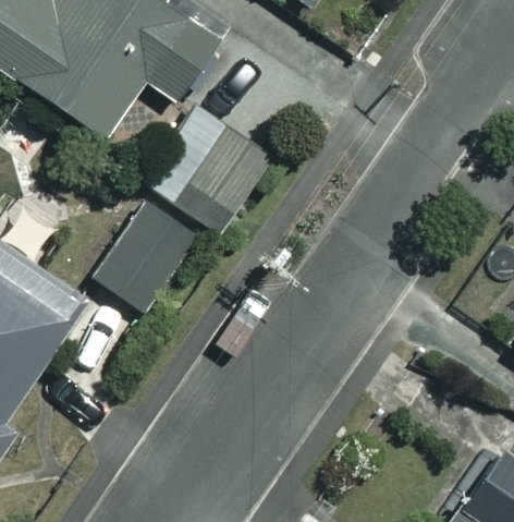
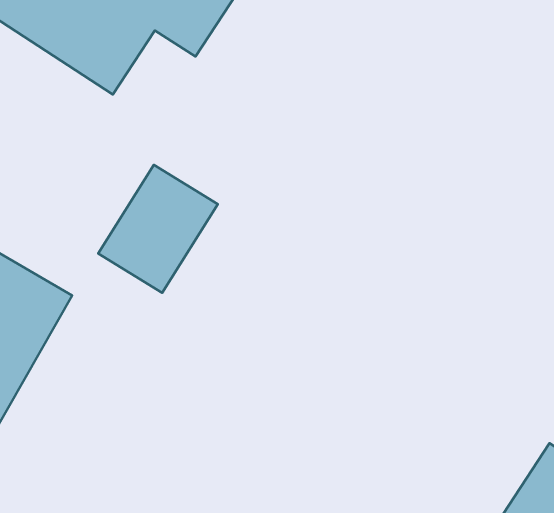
building: [142,90,269,223] -> none

